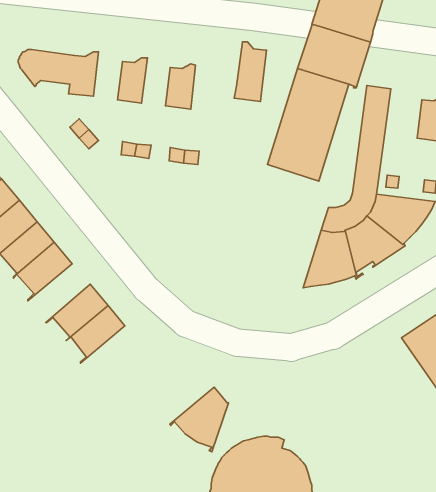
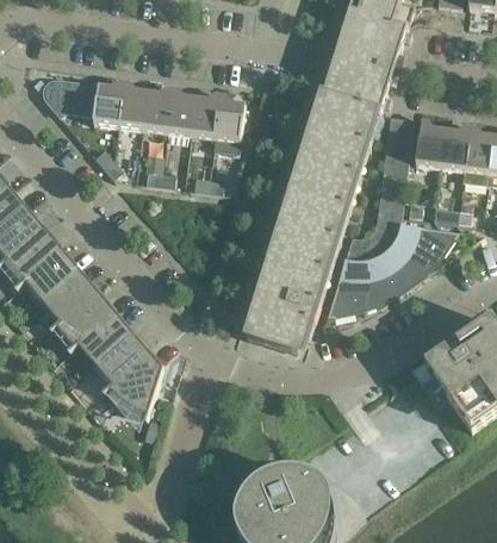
building: [234,42,267,102] -> [211,93,243,152]
building: none -> [117,80,145,127]
building: none -> [164,86,193,133]
building: none -> [414,118,443,166]
building: none -> [246,192,341,351]
building: none -> [51,291,113,349]
building: [170,387,228,452] -> [104,352,162,417]

